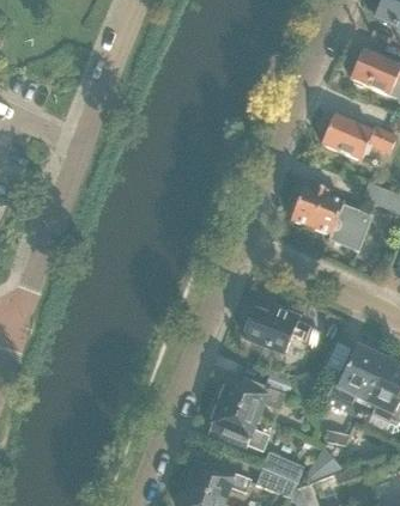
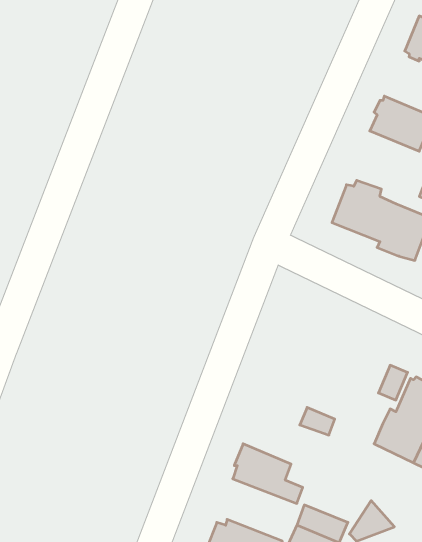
building: [243,306,316,353] -> none
building: [217,373,283,416] -> none

